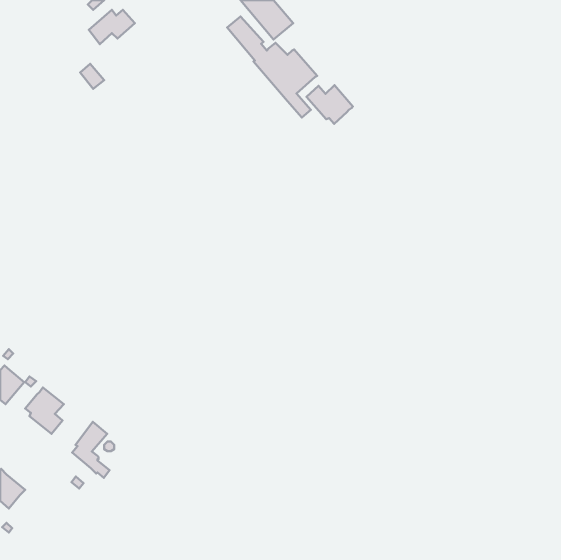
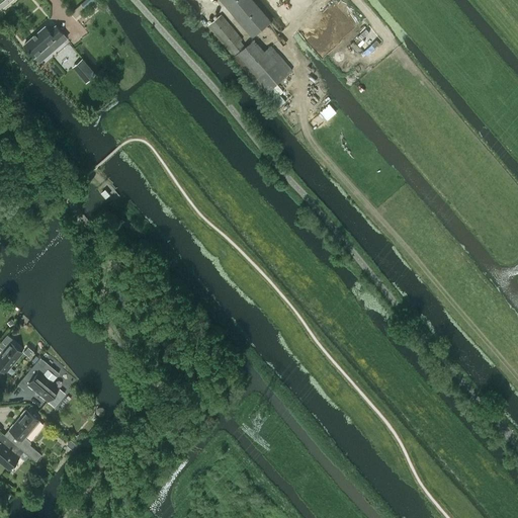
building: [89,10,135,44] -> [24,26,67,58]
building: [307,85,353,124] -> none
building: [72,422,109,478] -> [6,410,40,461]

